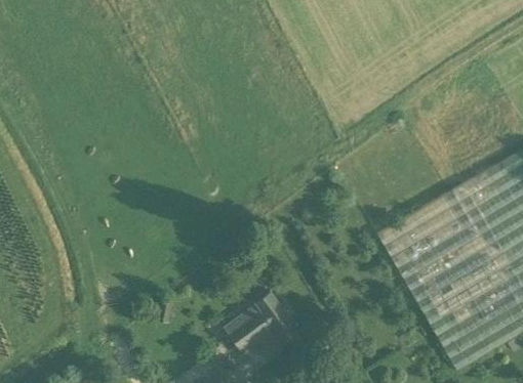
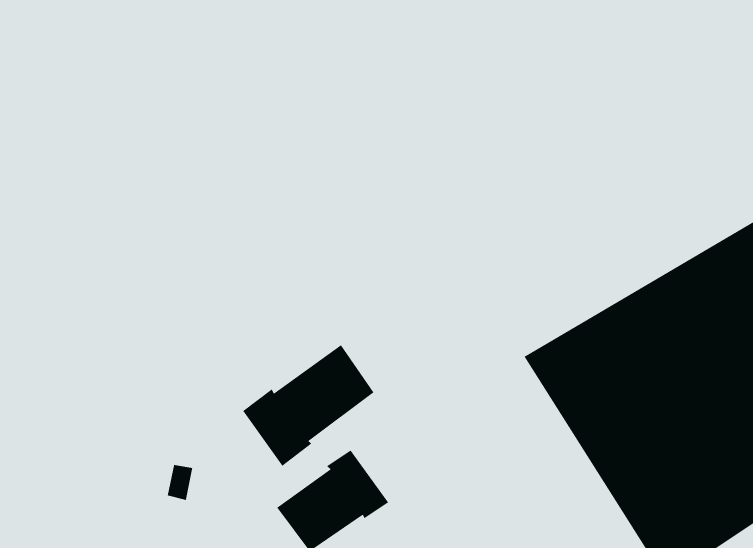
building: none -> [242,344,375,467]

